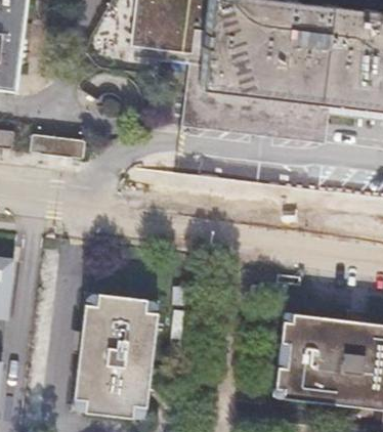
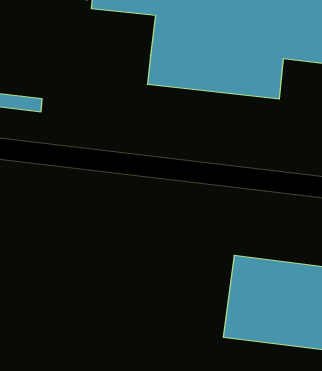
building: [73,296,161,423] -> none

